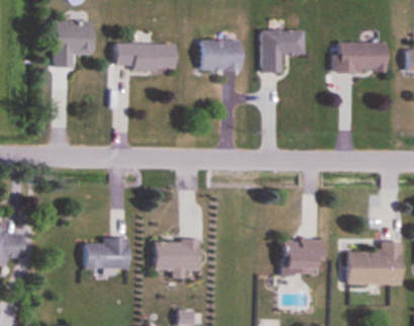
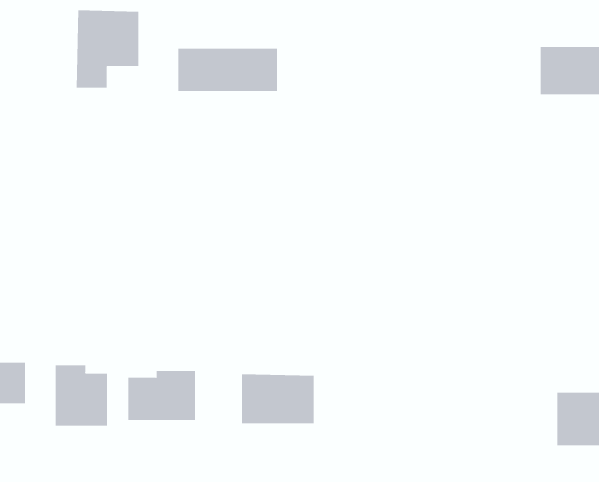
building: [262,28,305,71] -> none
building: [201,38,241,70] -> none
building: none -> [55,364,107,427]
building: [280,239,319,272] -> none

